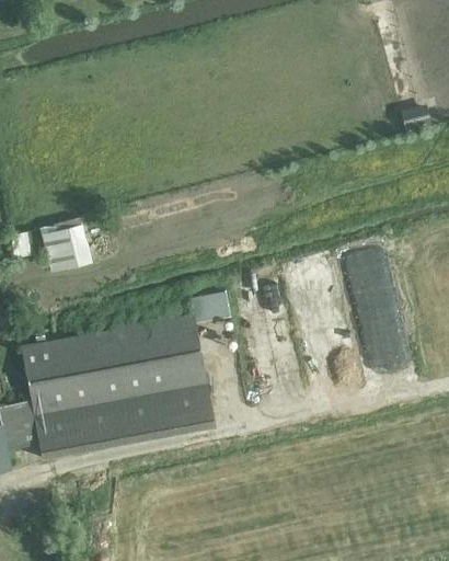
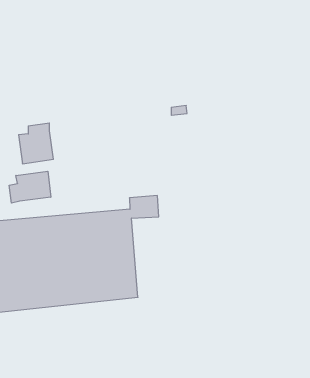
building: none -> [9,171,51,203]

